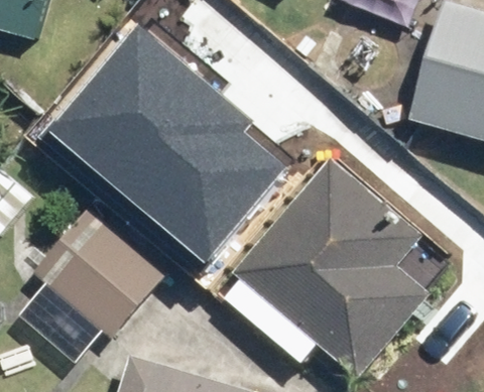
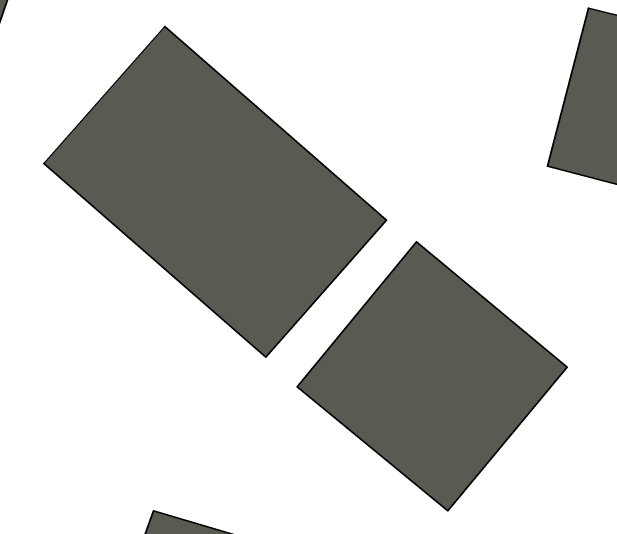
building: [32,213,151,329] -> none

